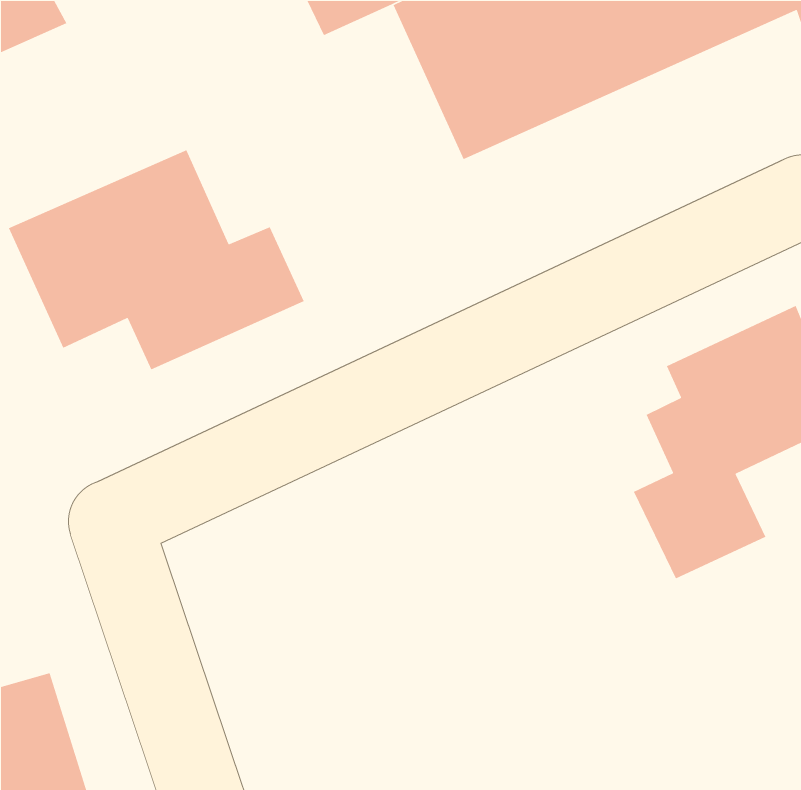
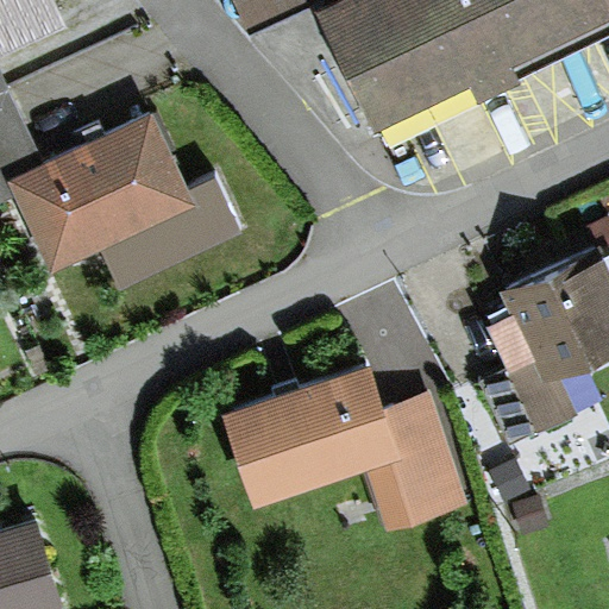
building: none -> [222,356,470,533]

